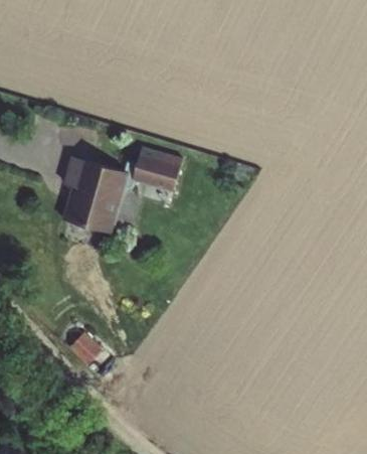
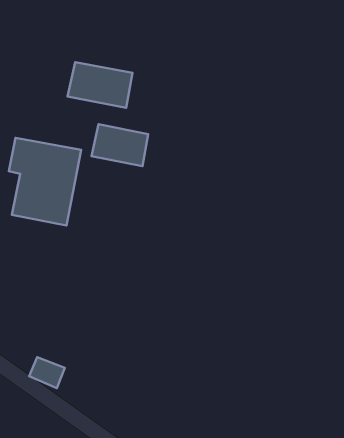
building: none -> [68,62,132,108]

